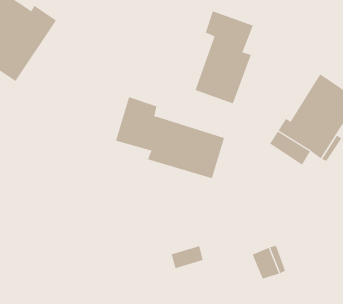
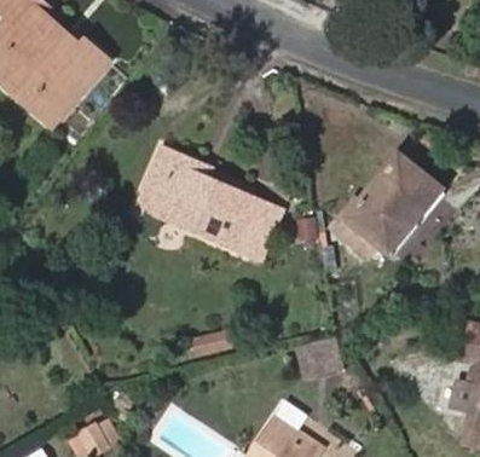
building: [195,10,254,104] -> none
building: none -> [139,149,197,228]

